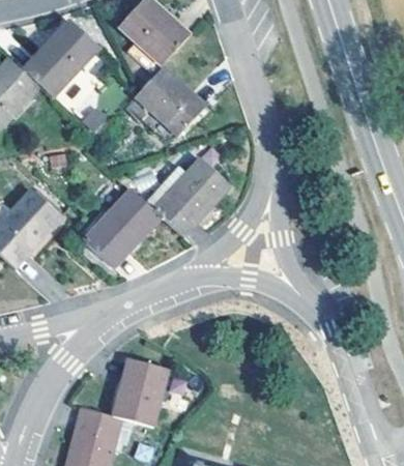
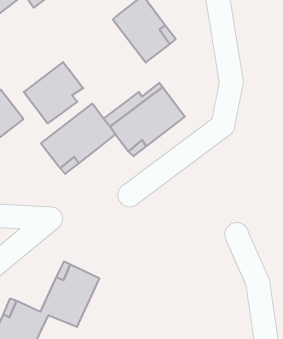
building: none -> [24,62,83,123]

